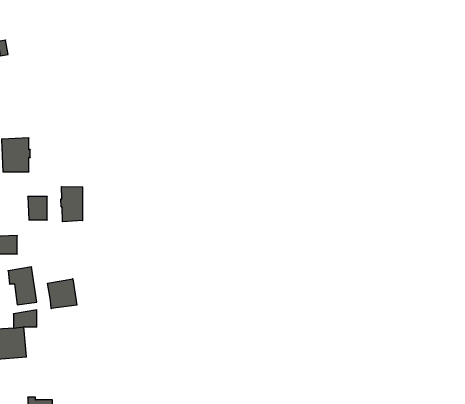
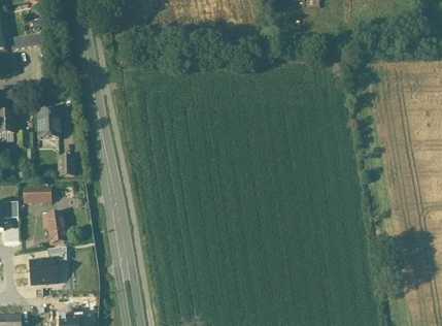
building: [61,187,83,222] -> none
building: [48,279,77,309] -> none

